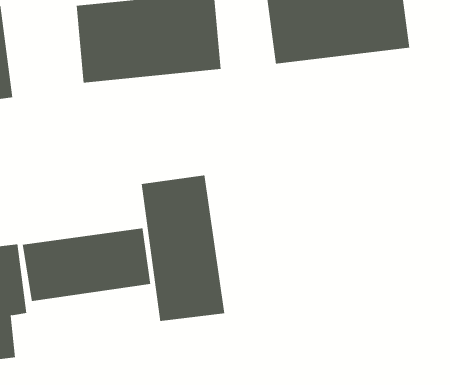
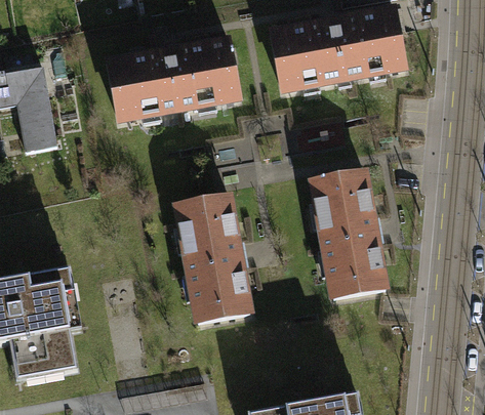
building: none -> [309,162,385,292]
building: [22,228,151,302] -> none

